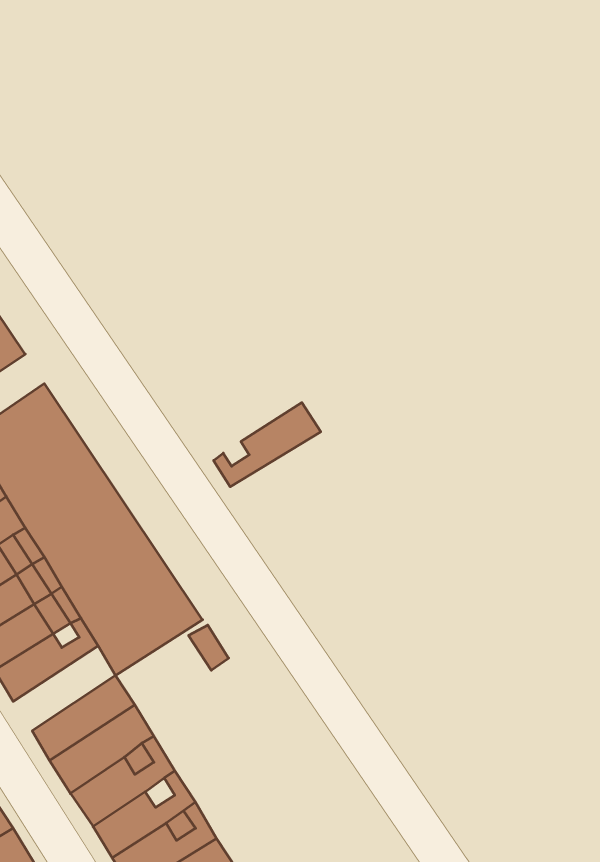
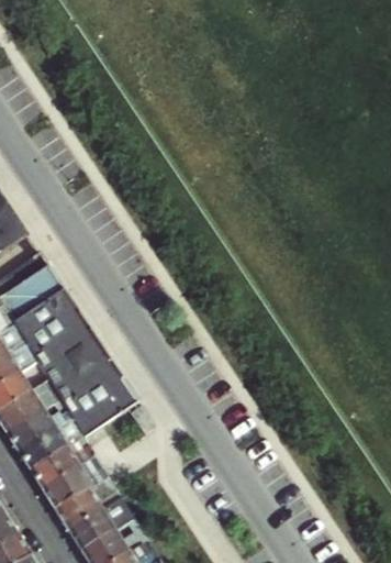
building: [214,403,321,487] -> none
building: none -> [18,417,82,471]

